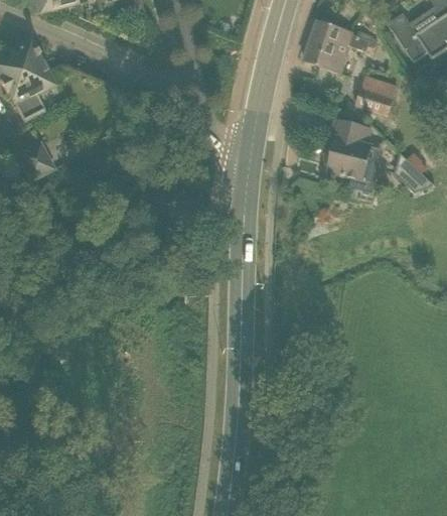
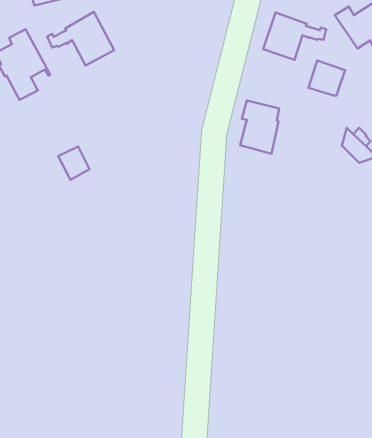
building: none -> [47,12,114,66]
building: [329,119,375,180] -> [240,101,279,154]
building: [18,142,54,180] -> [58,147,90,180]

